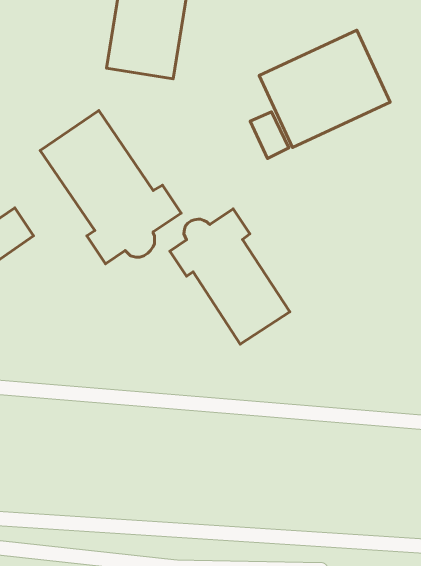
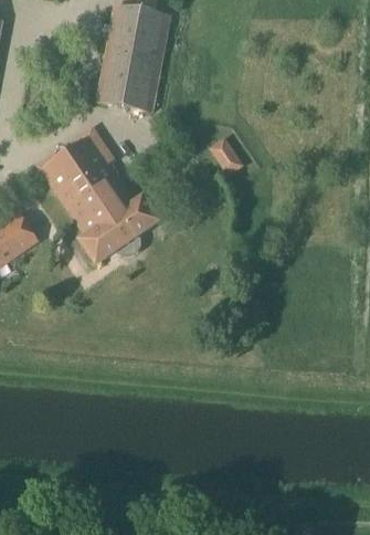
building: [259,30,390,147] -> none
building: [170,209,290,344] -> none

